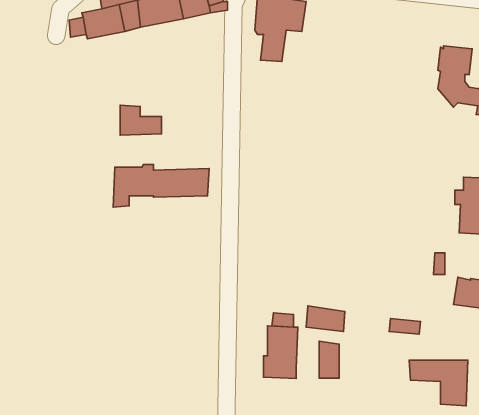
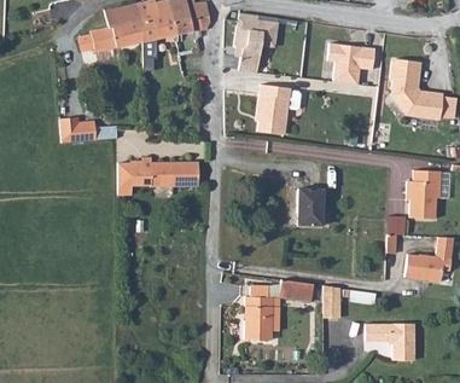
building: none -> [328,42,375,83]
building: none -> [258,83,301,133]
building: [120,105,162,135] -> [58,115,93,140]
building: none -> [298,186,324,222]
building: [319,341,339,378] -> [322,284,339,315]

